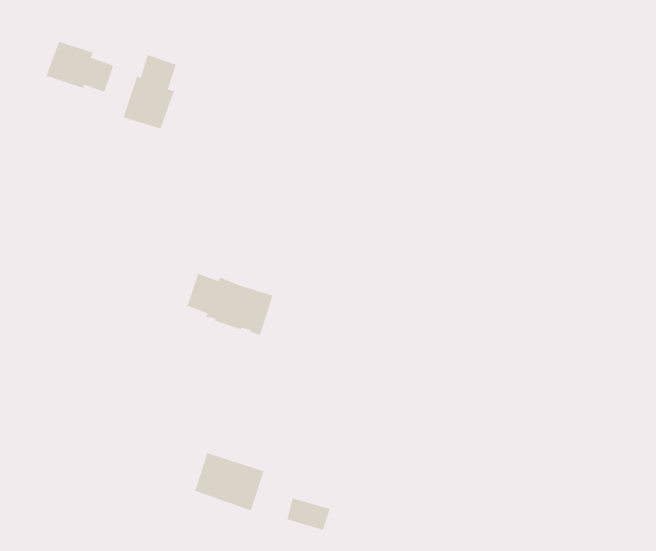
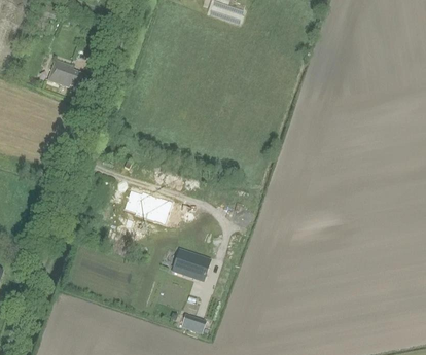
building: [123,54,177,130] -> none
building: [194,452,264,512] -> [172,248,211,281]

